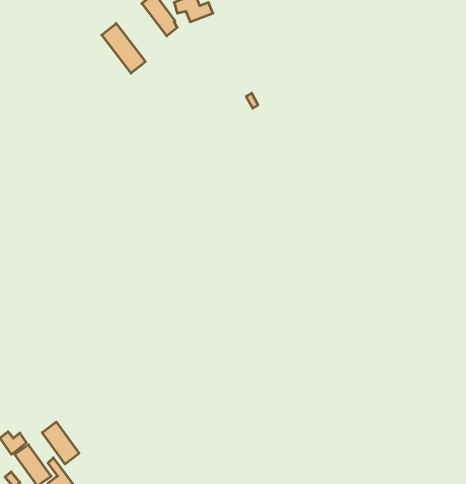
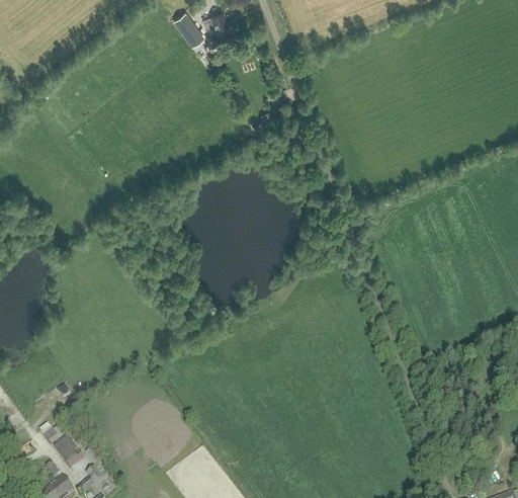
building: [102,23,145,73] -> none
building: [42,422,79,464] -> none

